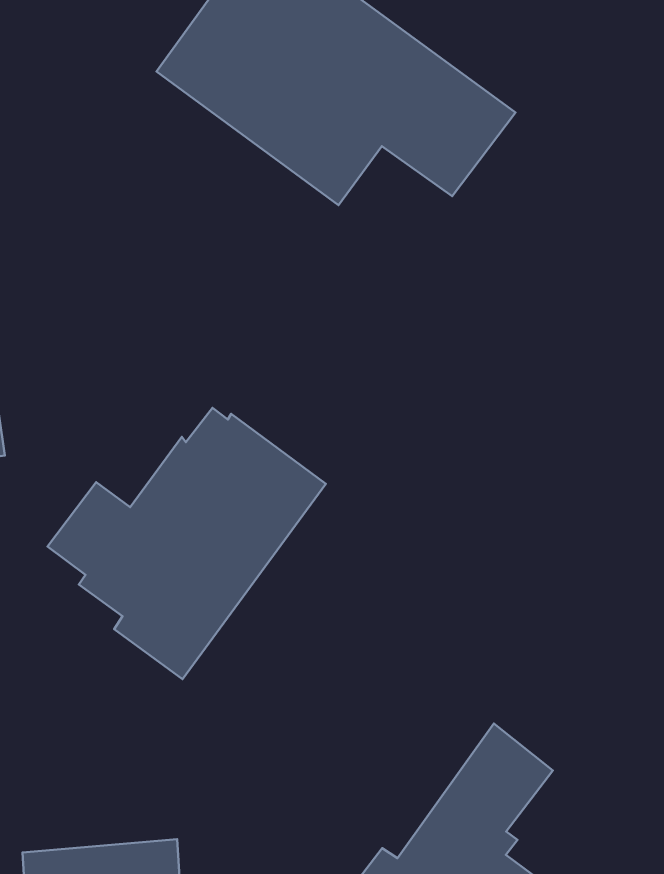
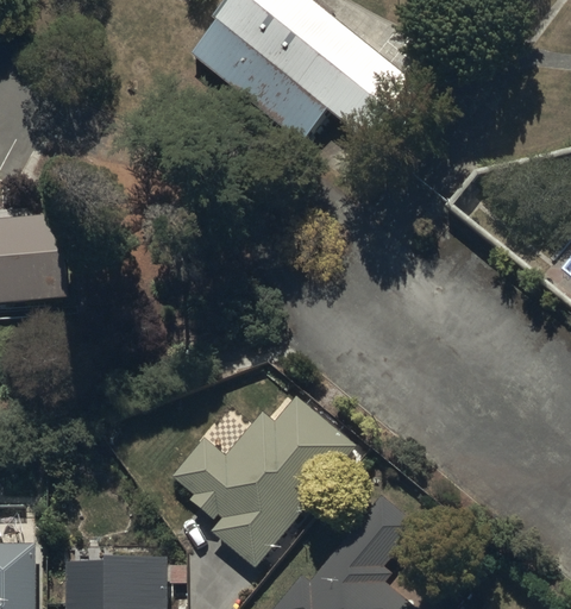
building: [48,408,326,679] -> [170,391,356,569]

